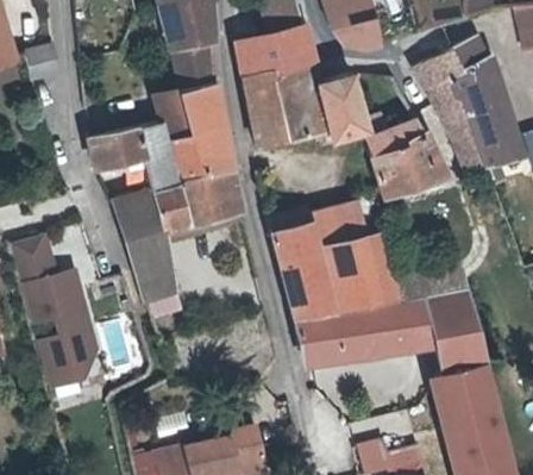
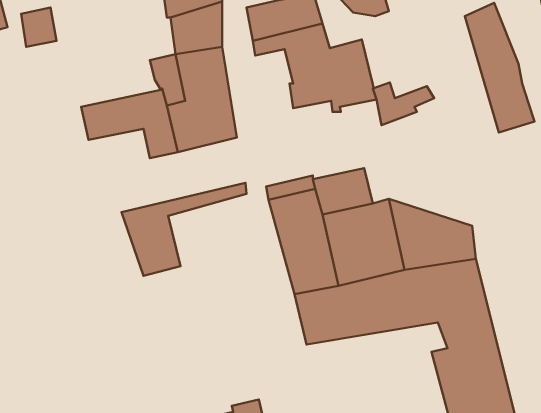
building: [420,51,489,170] -> none
building: [252,83,289,144] -> none
building: [375,130,447,198] -> none
building: [111,169,243,242] -> none
building: [12,233,100,389] -> none

